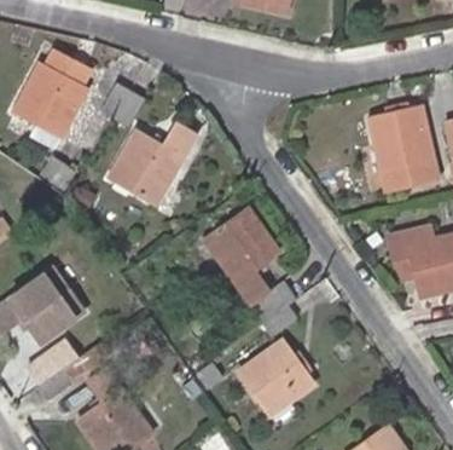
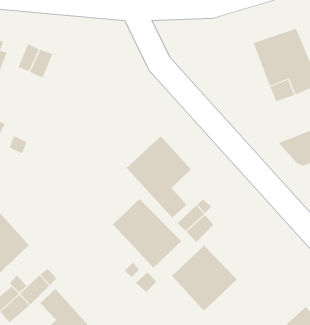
building: [108,121,193,201] -> none
building: none -> [112,198,182,268]

